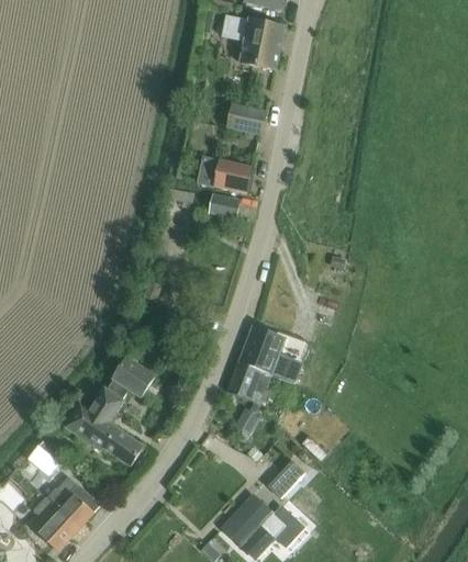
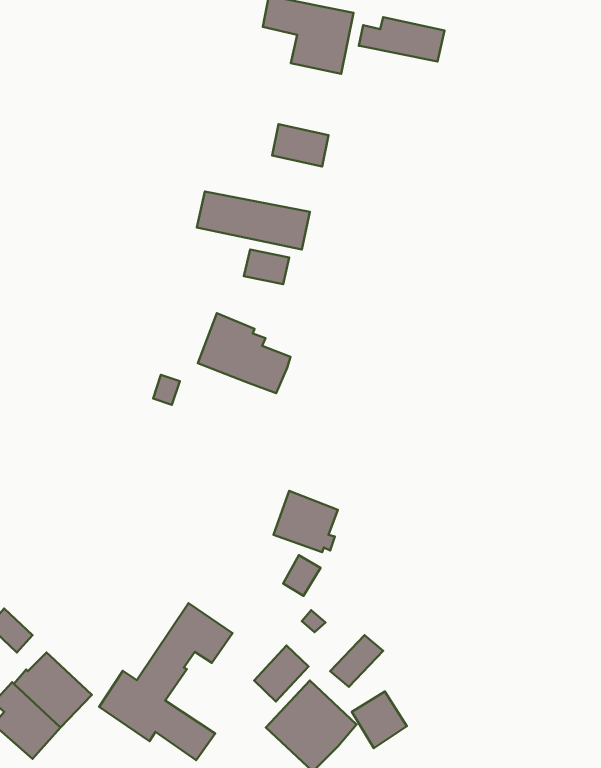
building: none -> [359,17,445,62]
building: [238,326,303,382] -> [198,313,290,393]
building: [62,355,155,464] -> [99,603,232,760]
building: none -> [254,646,308,702]

